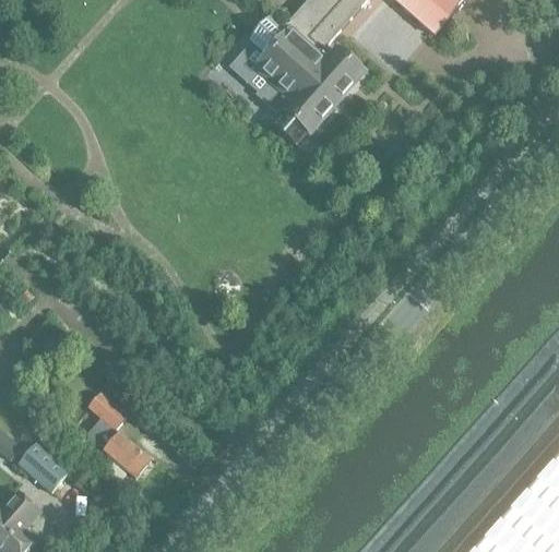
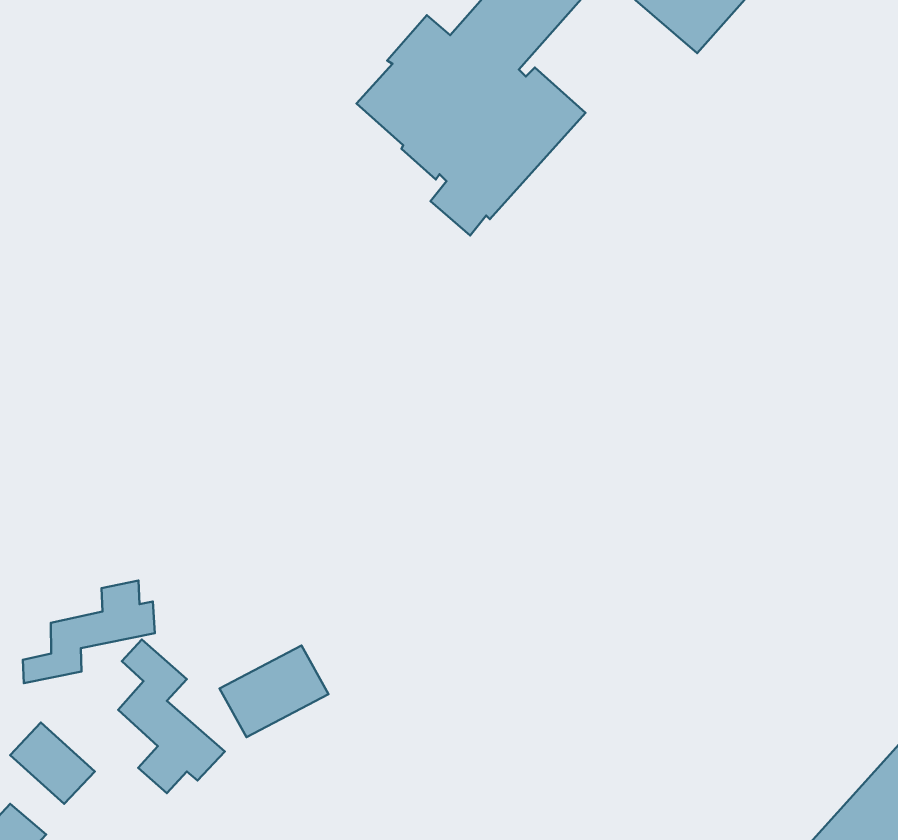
building: none -> [23,581,155,683]
building: none -> [219,645,329,737]

